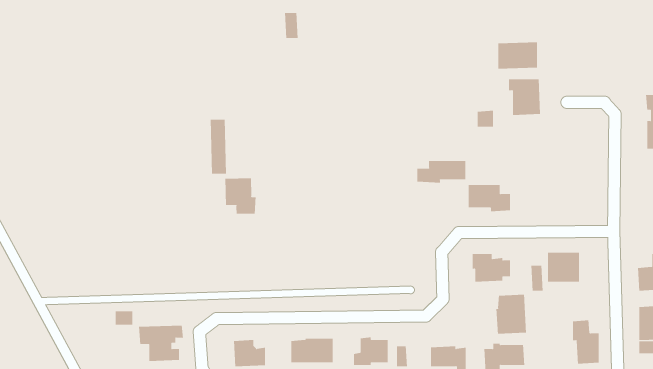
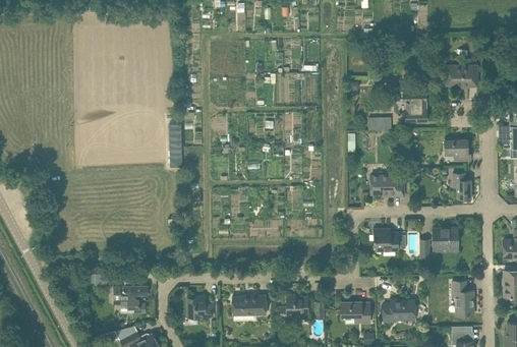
building: [498,42,538,69] -> [446,65,477,86]
building: none -> [445,138,470,162]
building: [417,160,466,183] -> none
building: [225,178,256,215] -> none
building: none -> [452,173,471,198]
building: [496,294,526,335] -> none

